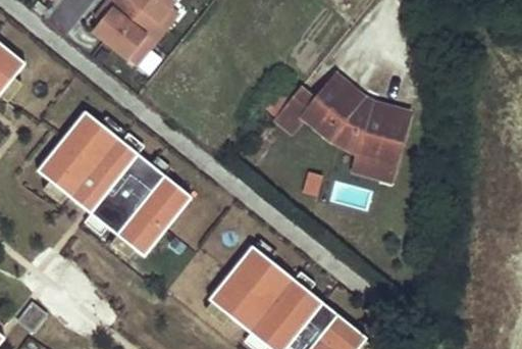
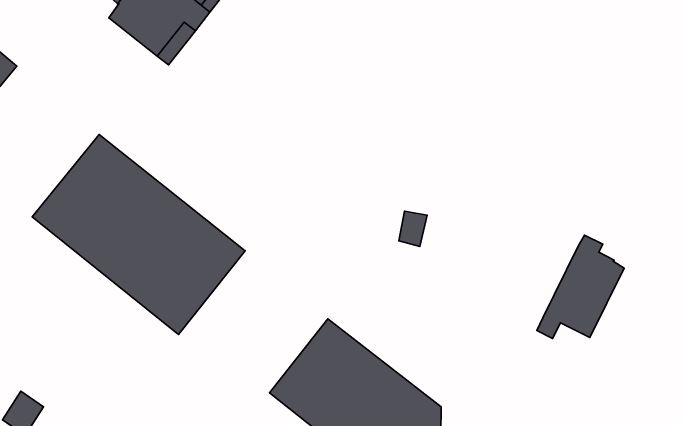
building: [274,71,412,183] -> none
building: none -> [537,235,624,339]

